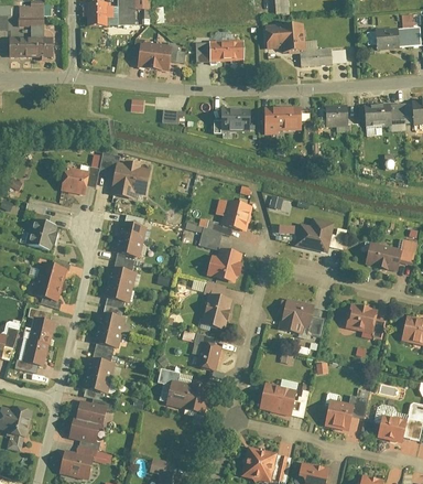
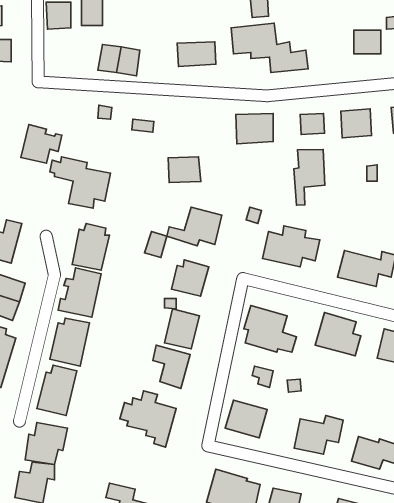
building: [223,109,253,133] -> [168,157,201,183]
building: none -> [294,149,325,205]
building: [56,158,95,194] -> [21,125,62,163]

